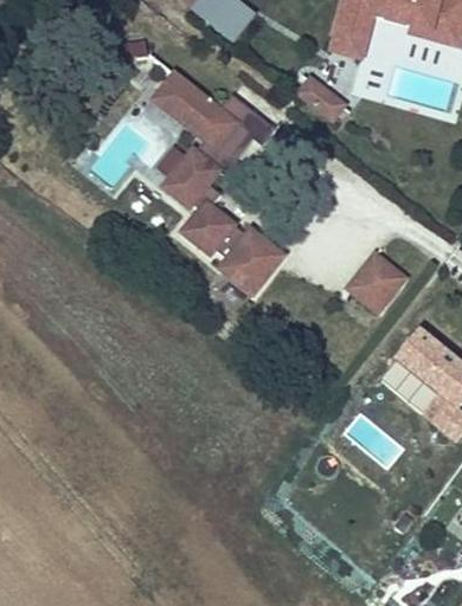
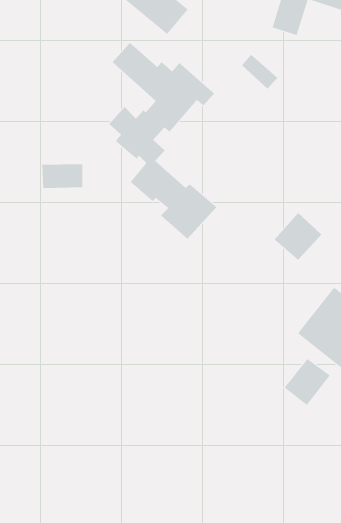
building: none -> [42,164,83,189]
building: none -> [284,358,330,406]

